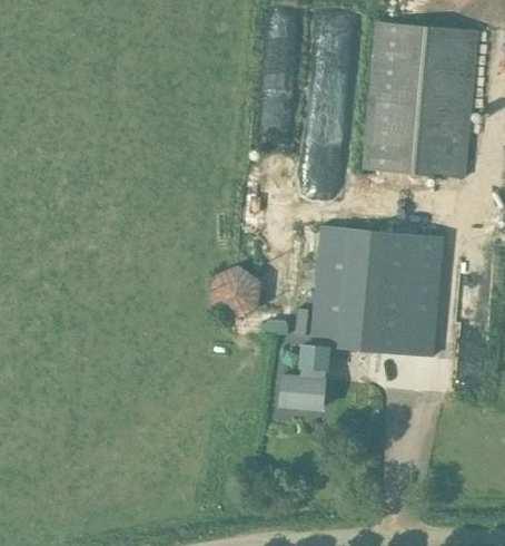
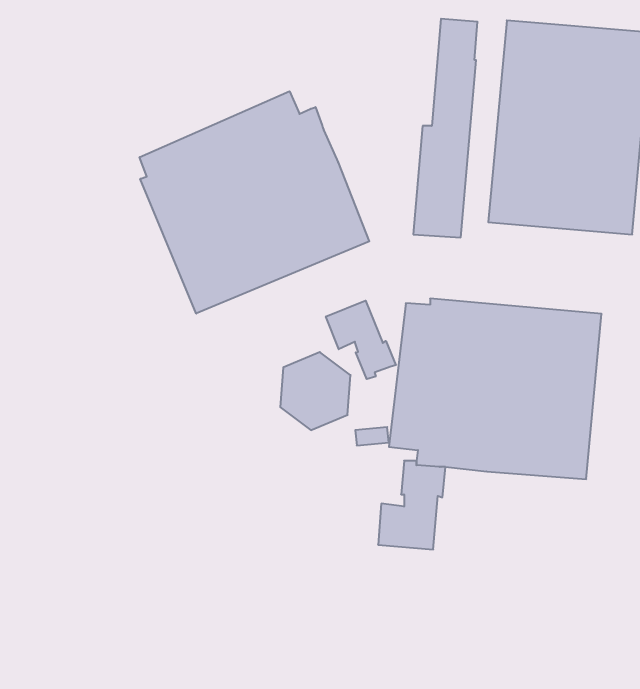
building: none -> [140,91,369,314]
building: none -> [326,301,396,379]

